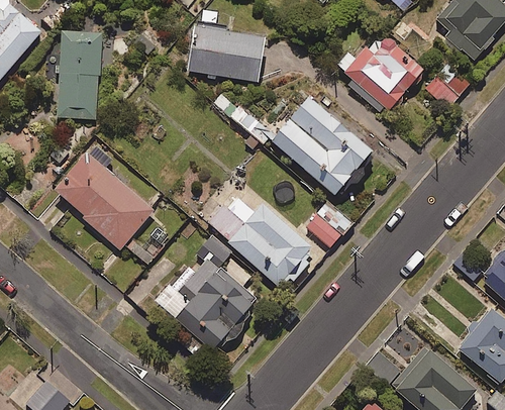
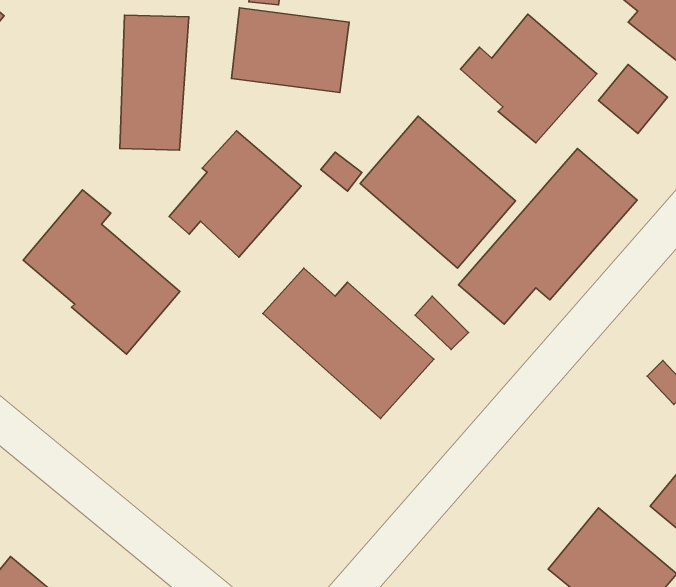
building: [58,31,102,118] -> [120,15,189,150]
building: none -> [169,131,301,257]
building: none -> [459,148,637,324]
building: [173,236,257,350] -> none

